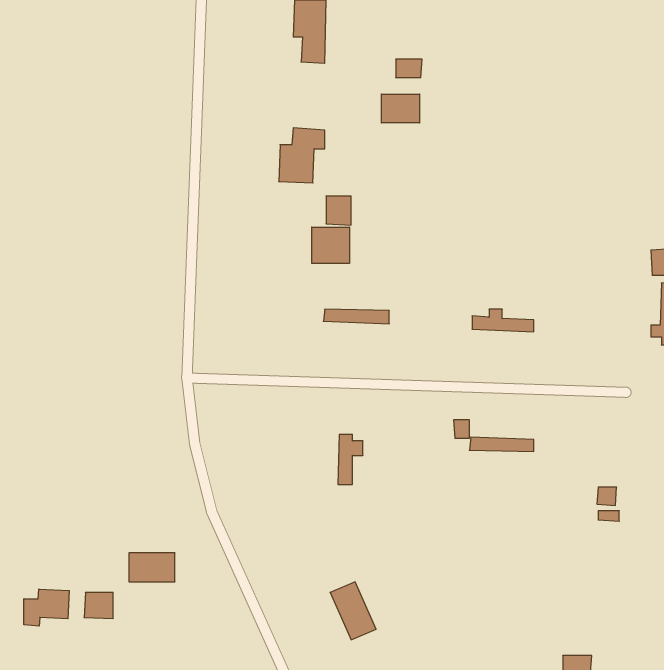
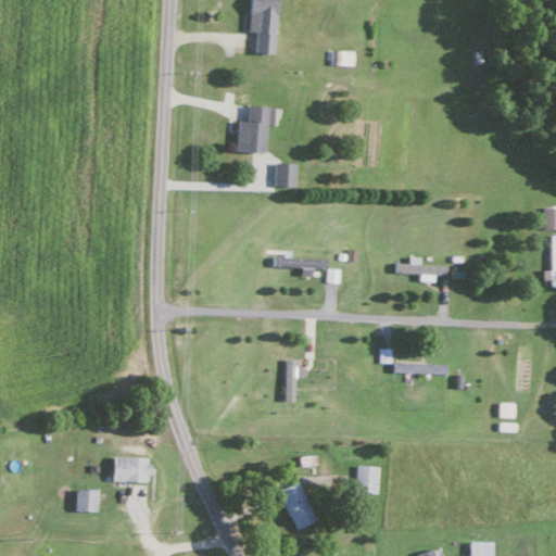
building: [381,94,420,123] -> none
building: [312,227,349,263] -> none
building: none -> [357,467,380,494]
building: [24,589,69,626] -> none

